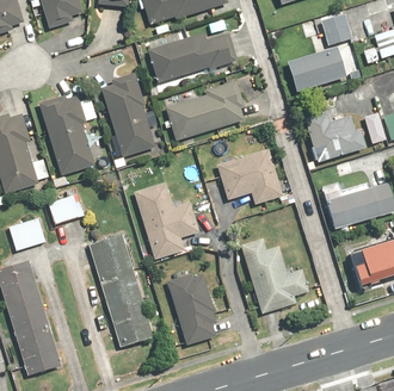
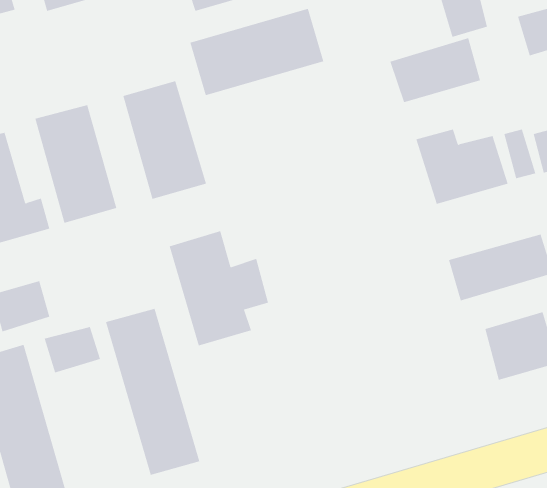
building: [162,80,250,143] -> none
building: [214,147,284,205] -> none
building: [48,191,87,223] -> [44,326,101,373]
building: [240,237,313,312] -> none
building: [165,269,222,345] -> none

